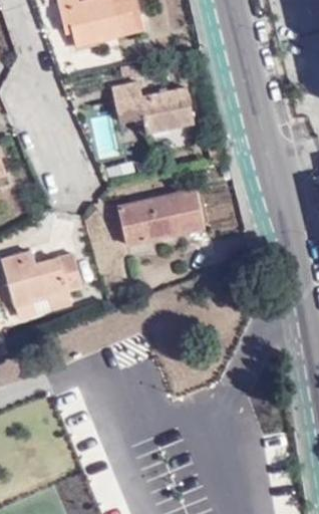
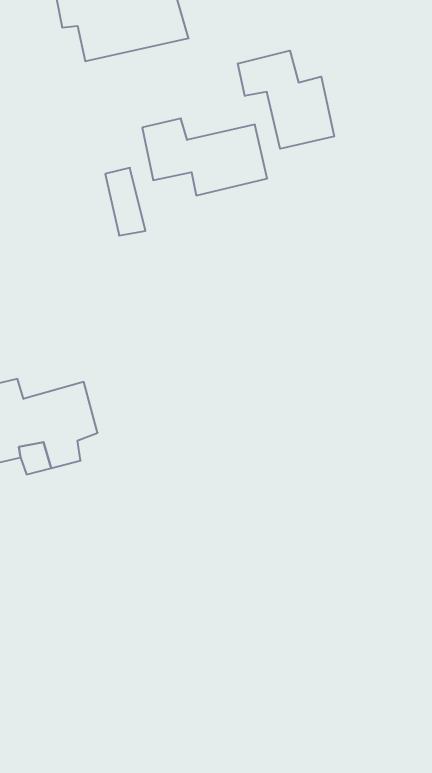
building: none -> [238,51,334,149]
building: [119,188,204,244] -> none

